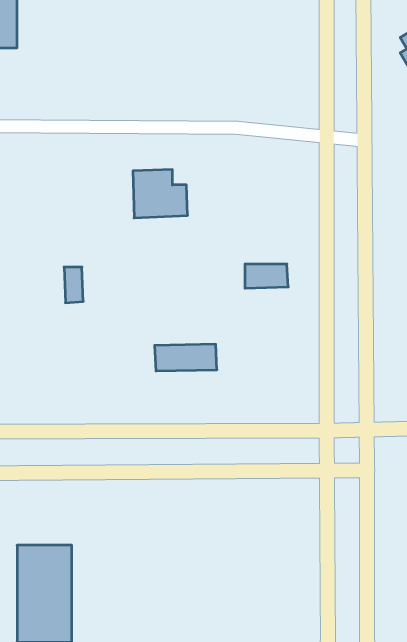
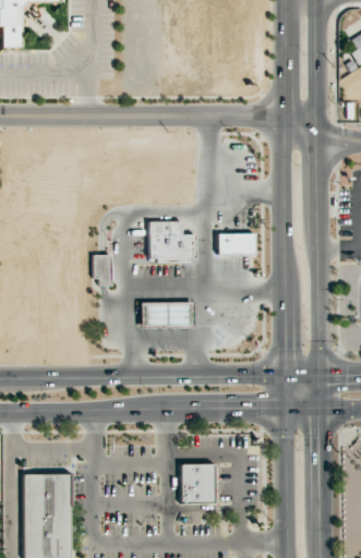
building: [133,170,188,218] -> [149,221,196,263]
building: [64,267,83,303] -> [96,255,112,286]
building: none -> [181,464,216,504]

